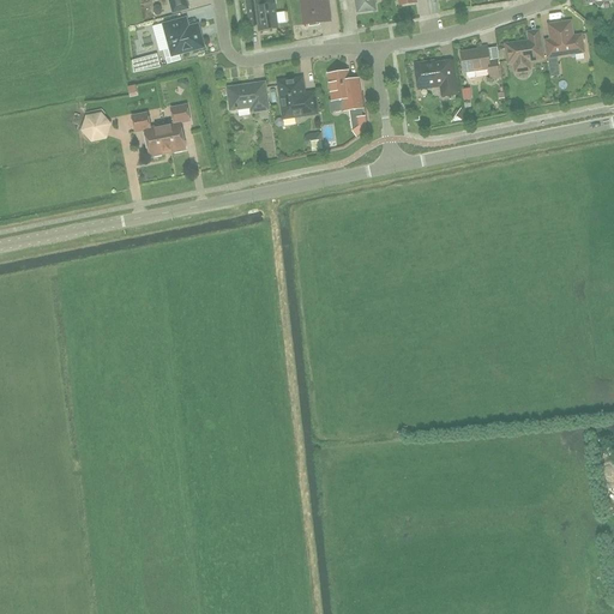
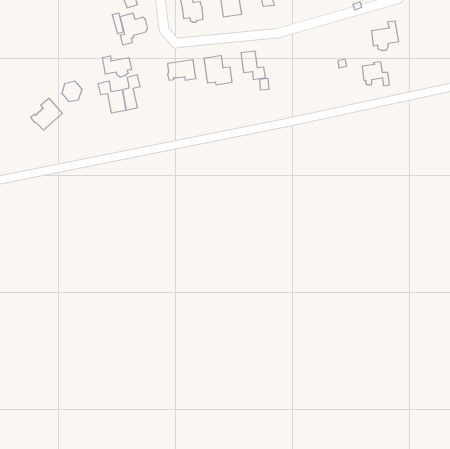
building: [548,22,582,54] -> none
building: [460,44,498,77] -> [362,62,390,86]
building: [414,59,456,94] -> none
building: none -> [102,56,132,77]
building: none -> [31,98,62,130]

